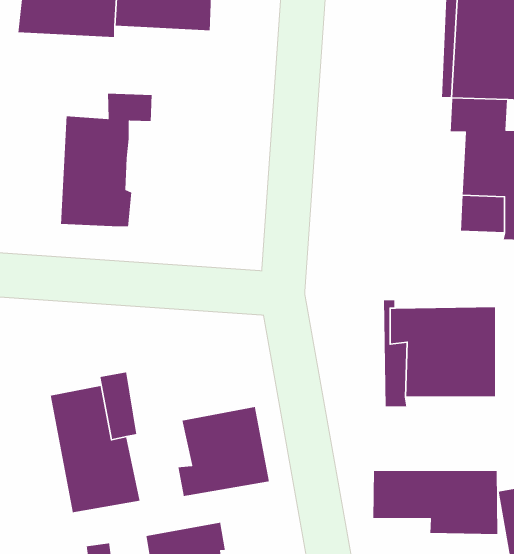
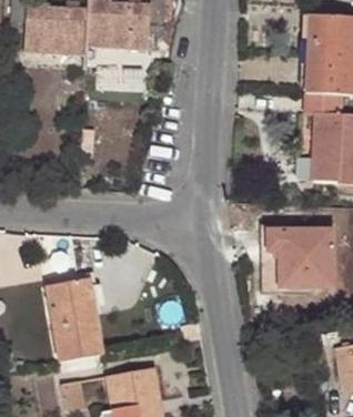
building: [60,93,153,227] -> none
building: [177,406,270,497] -> none
building: [372,470,498,535] -> none

